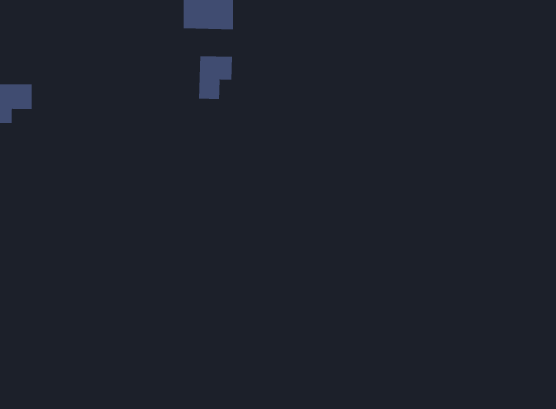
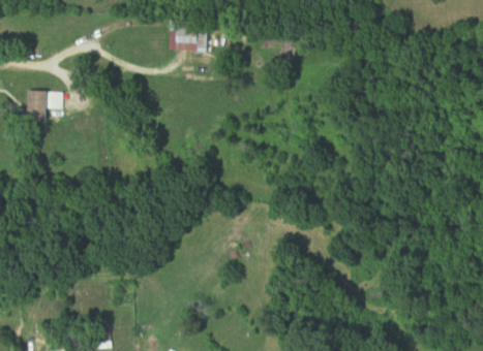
building: [199,55,232,100] -> none

